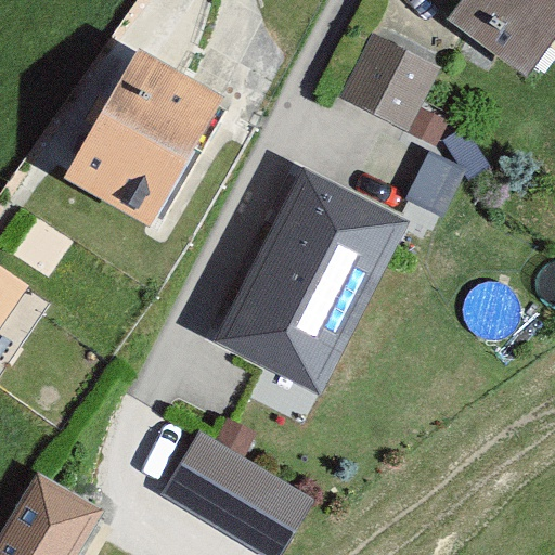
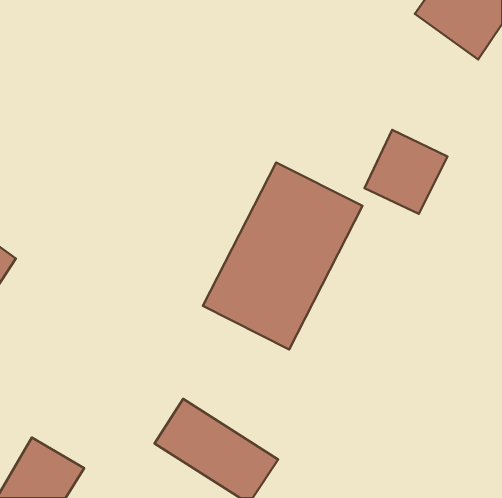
building: [341,31,435,128] -> none
building: [69,61,211,219] -> none

